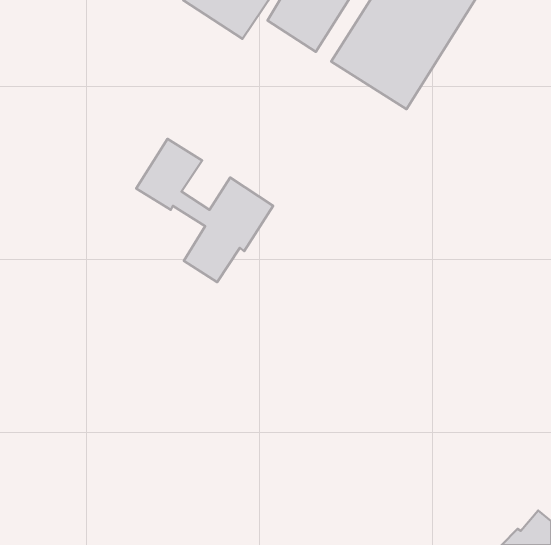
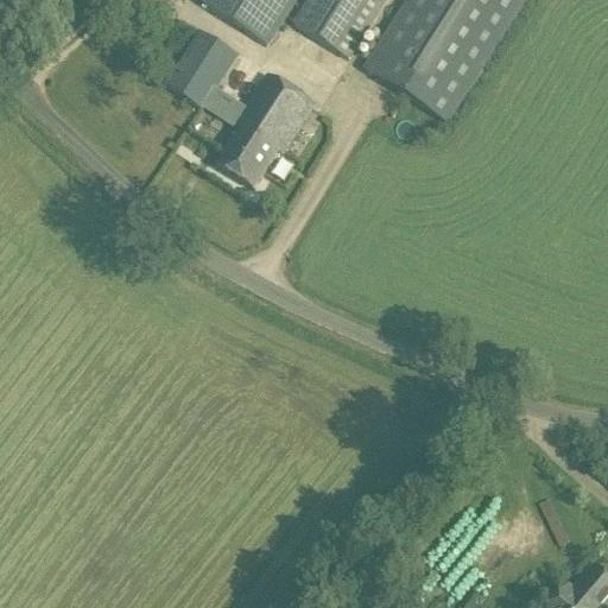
building: [136,139,273,282] -> [165,28,316,186]

